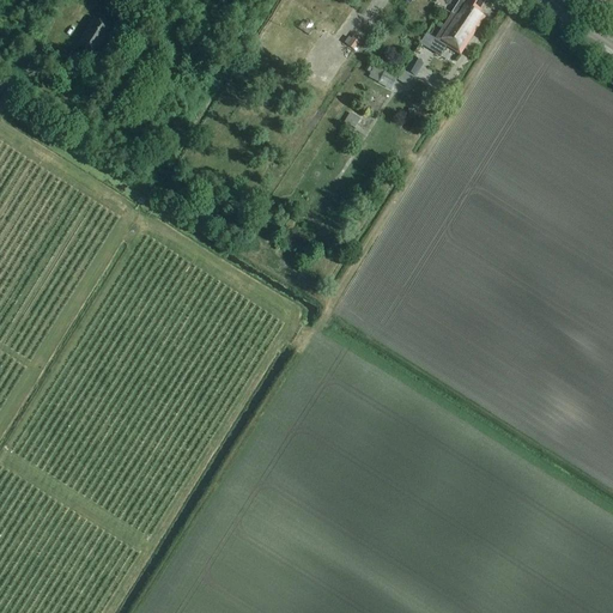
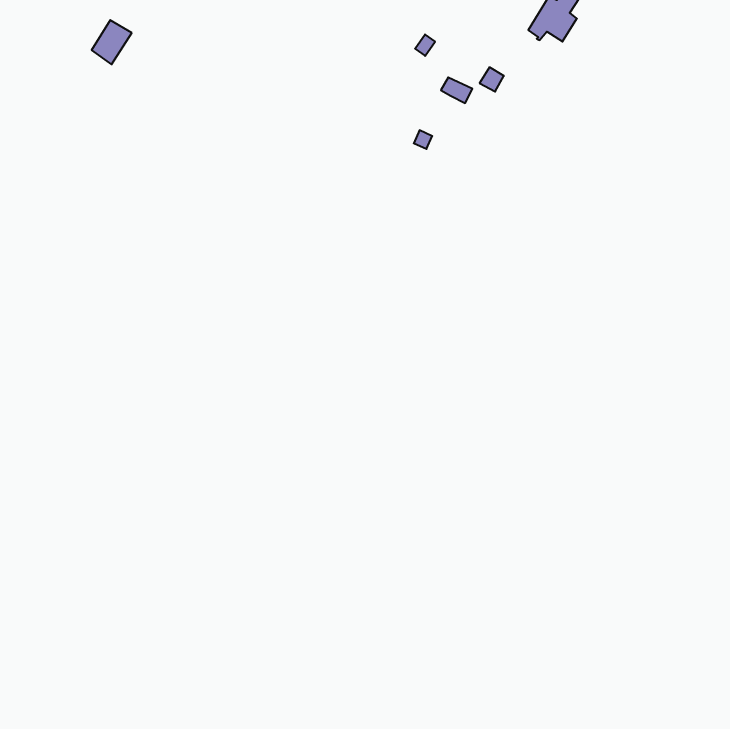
building: [420,25,471,55] -> none

